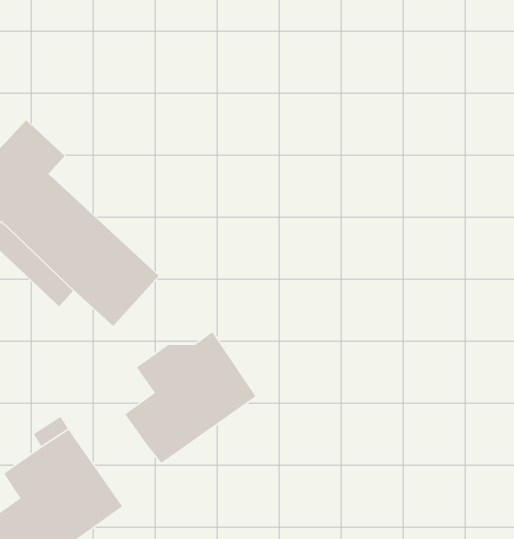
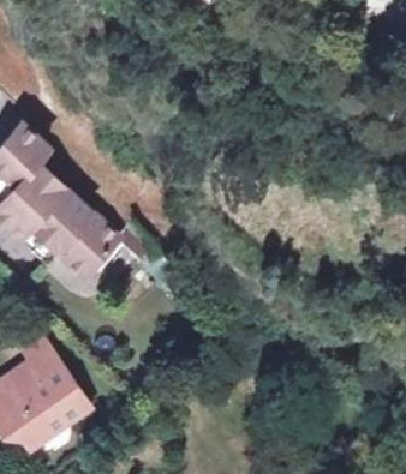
building: [124,331,256,464] -> none

